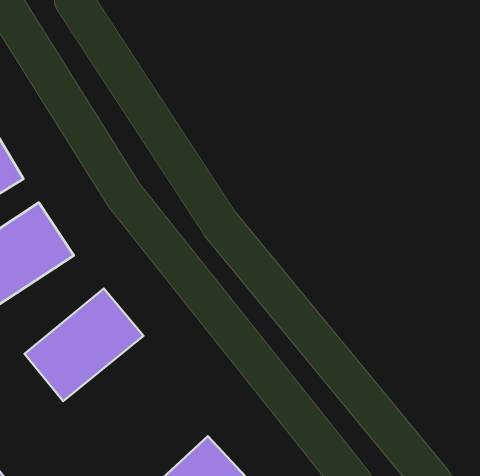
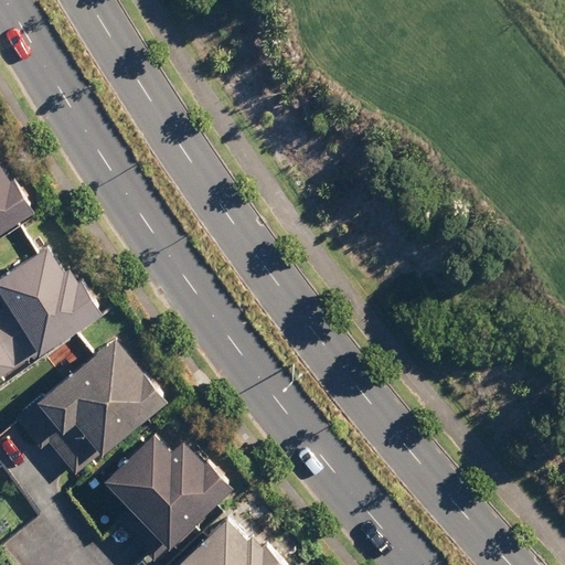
building: none -> [105,422,233,546]

